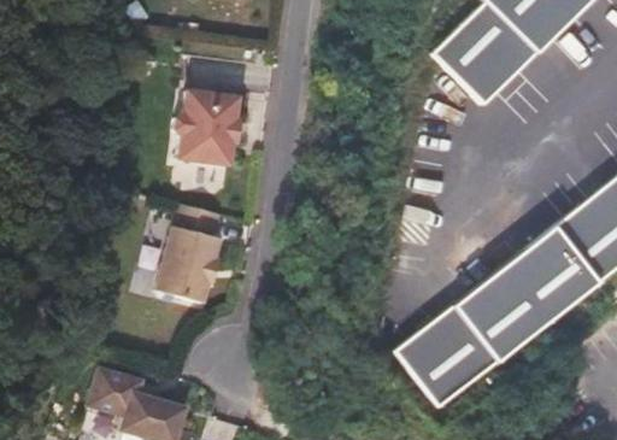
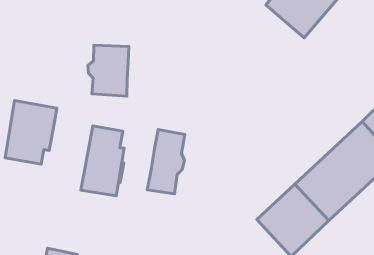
building: none -> [5,100,57,164]
building: none -> [147,130,185,194]

